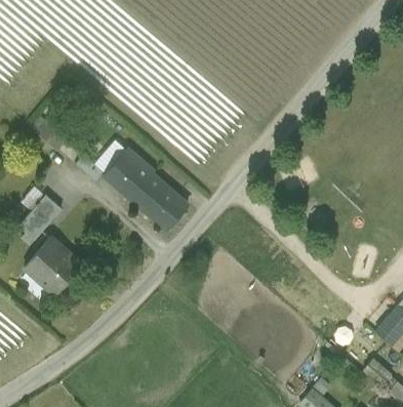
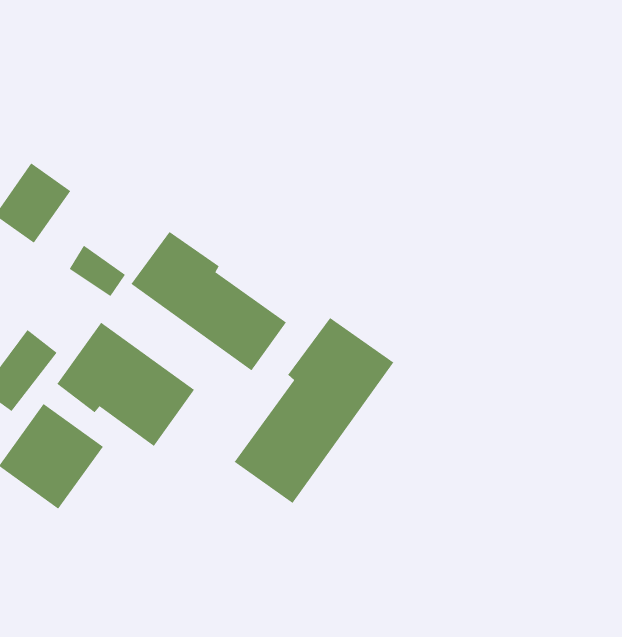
building: none -> [56,322,195,447]
building: none -> [234,317,394,504]

